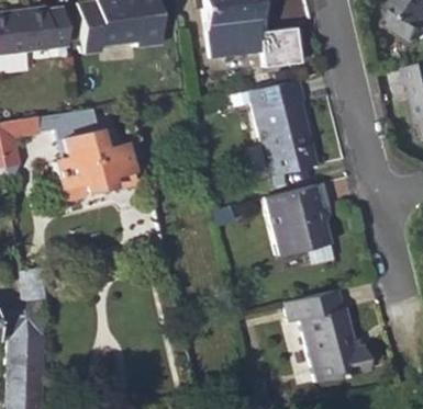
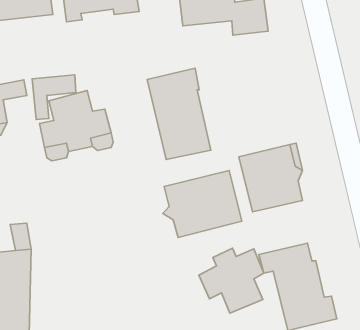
building: [248,78,315,174] -> [147,68,211,159]
building: none -> [163,171,242,238]
building: none -> [199,248,264,313]

